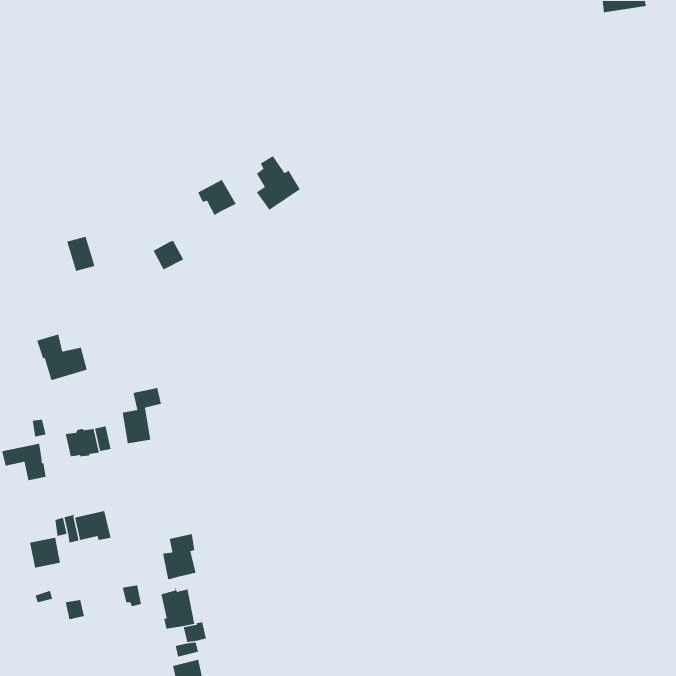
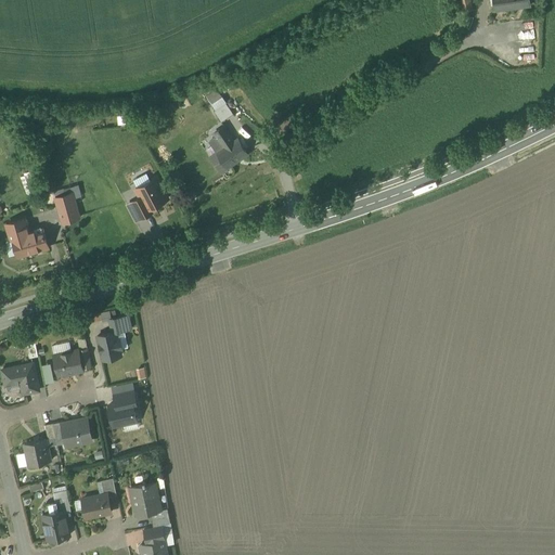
building: [197,179,237,216] -> [134,179,167,209]
building: [36,334,88,381] -> [5,219,48,258]
building: [162,533,197,580] -> [107,389,135,427]
building: none -> [81,494,111,518]
building: none -> [41,511,68,541]

